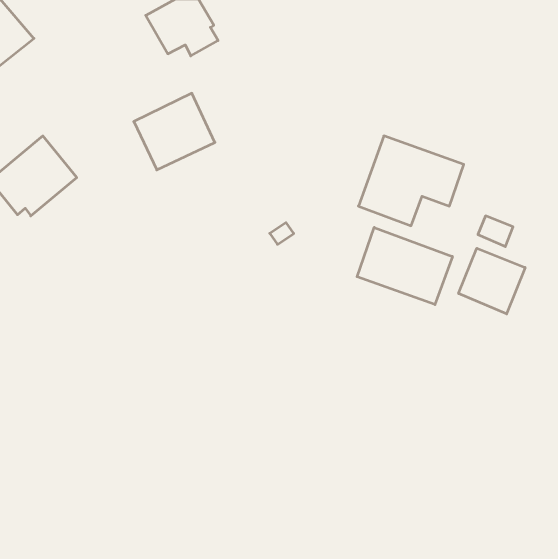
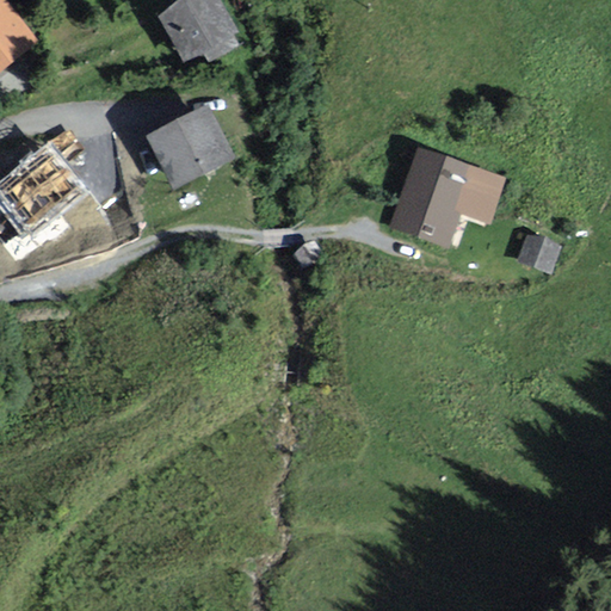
building: [357,227,452,305] -> none
building: [459,248,525,314] -> none

